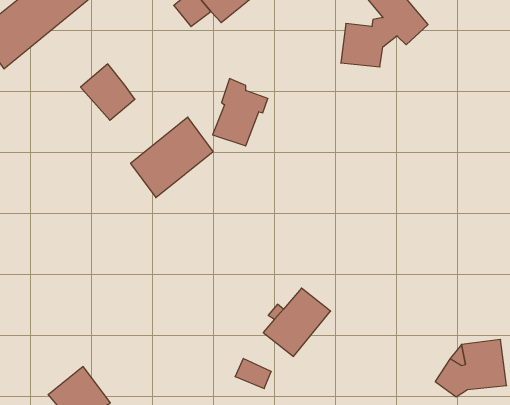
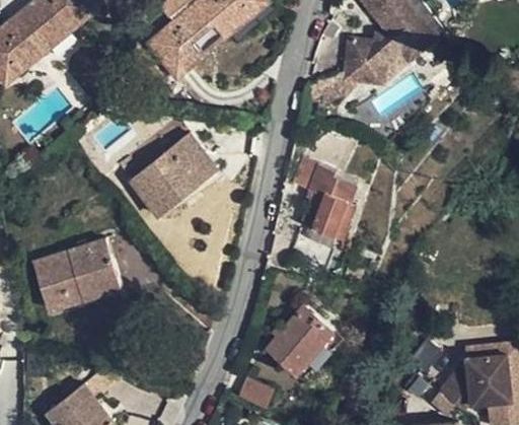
building: [81,64,135,120] -> [149,20,204,77]
building: [213,79,268,146] -> [301,165,357,233]
building: none -> [32,238,122,310]

